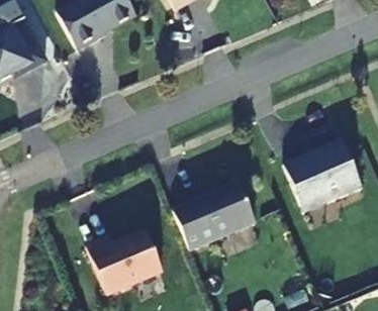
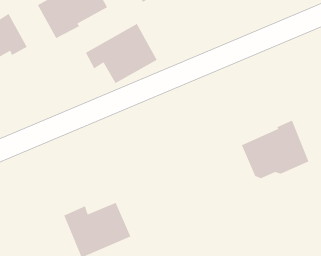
building: none -> [85,23,158,84]
building: [173,180,257,248] -> none

